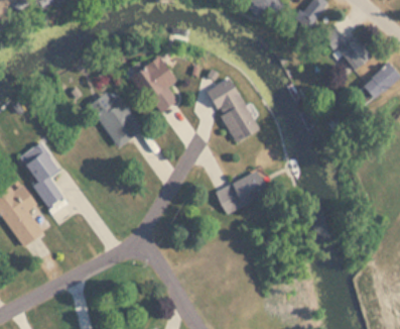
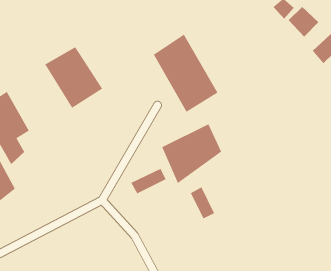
building: [123,50,188,116] -> none
building: none -> [130,168,167,195]
building: none -> [190,186,215,220]

